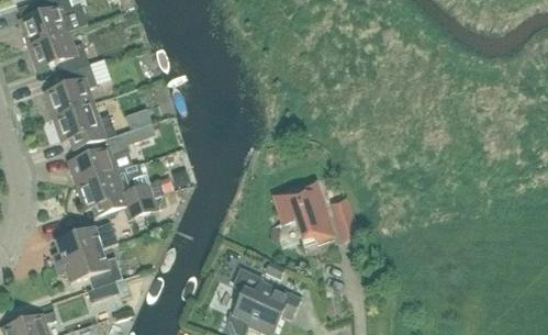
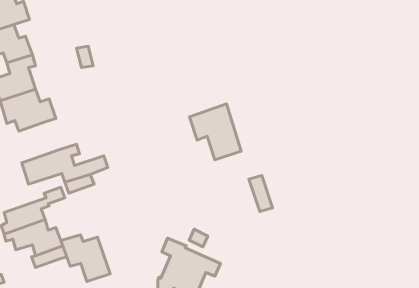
building: [69,122,156,185] -> none
building: [275,181,333,244] -> [189,104,241,160]
building: none -> [61,235,110,281]

